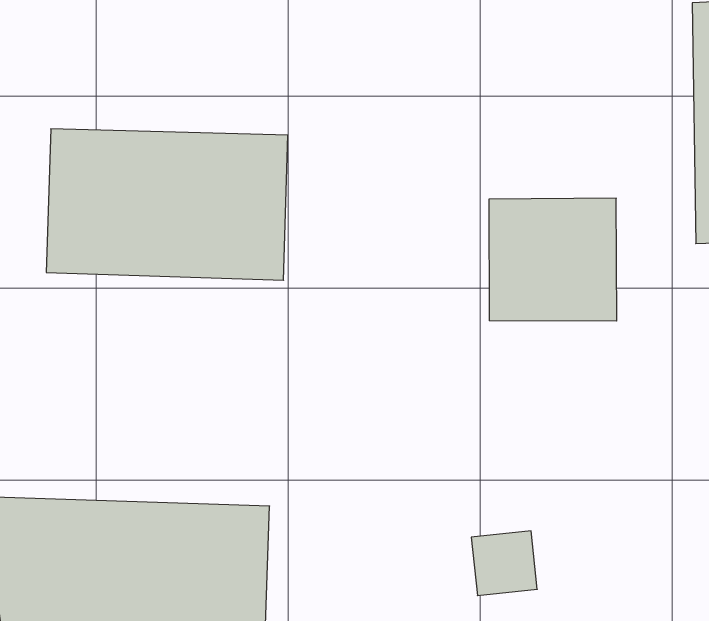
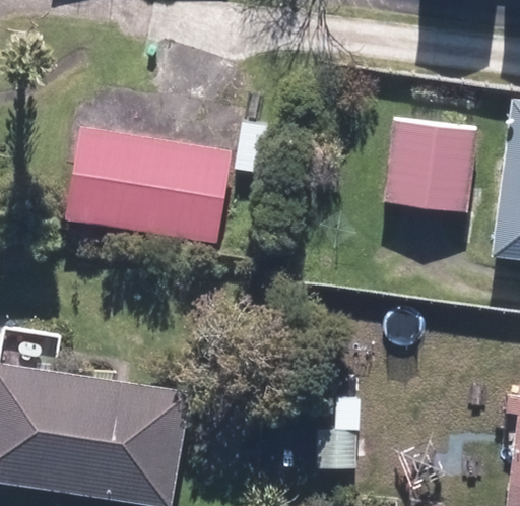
building: [489,198,617,321] -> [386,122,479,212]

